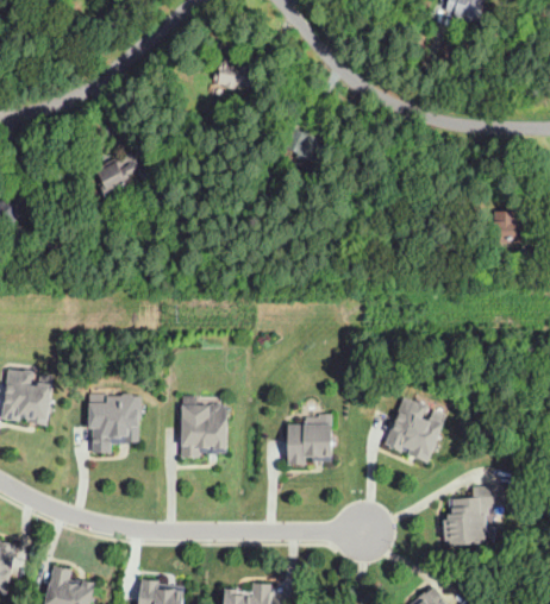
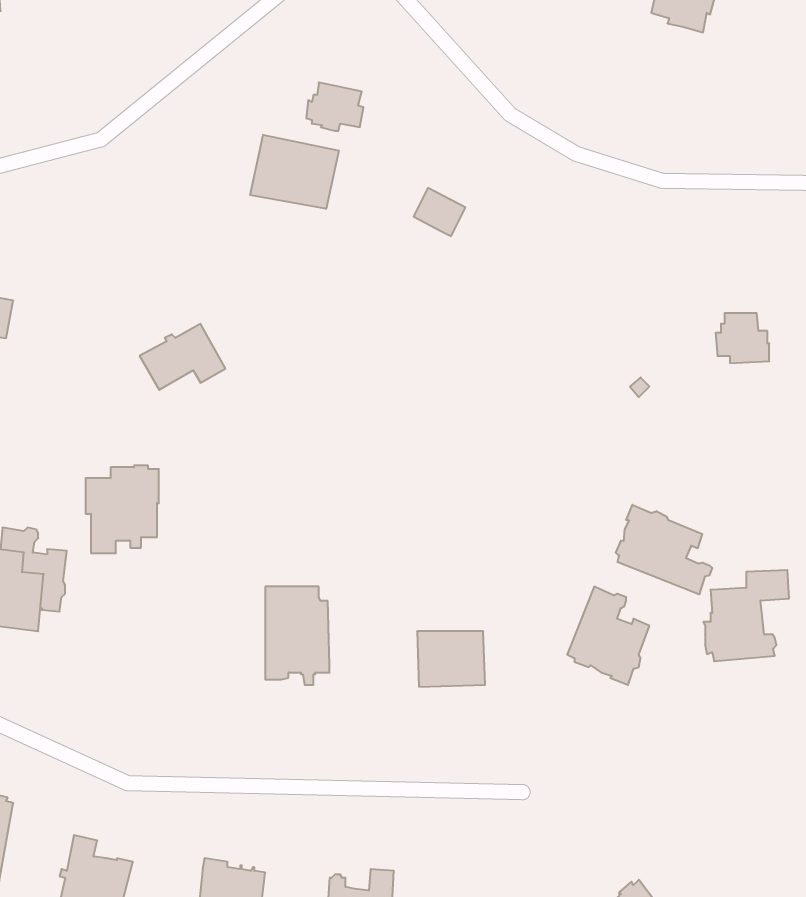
building: none -> [250,135,339,209]
building: [94,152,151,196] -> [140,324,225,390]
building: none -> [616,505,712,594]
building: [89,395,138,453] -> [86,466,159,553]
building: [446,485,504,546] -> [703,570,789,661]

